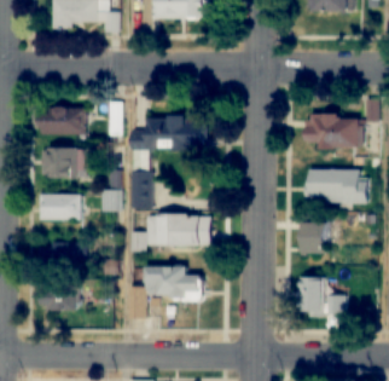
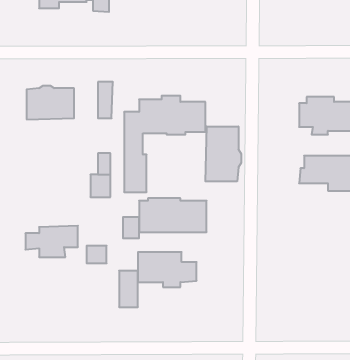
building: none -> [205,126,241,181]
building: [41,145,88,178] -> none
building: [39,192,81,219] -> none
building: [301,221,327,253] -> none
building: [298,276,346,317] -> none
building: [36,283,81,310] -> none

